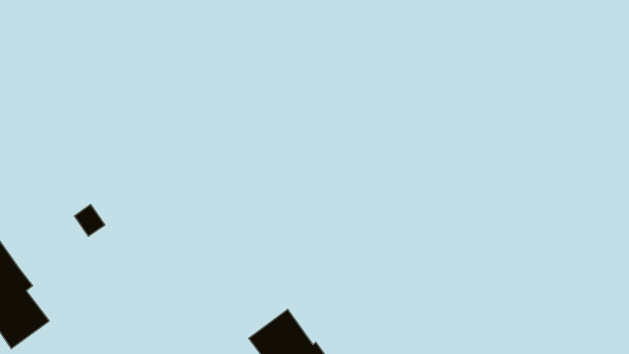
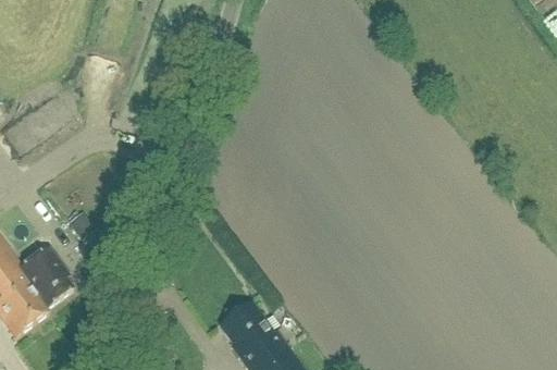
building: none -> [20,246,71,310]

